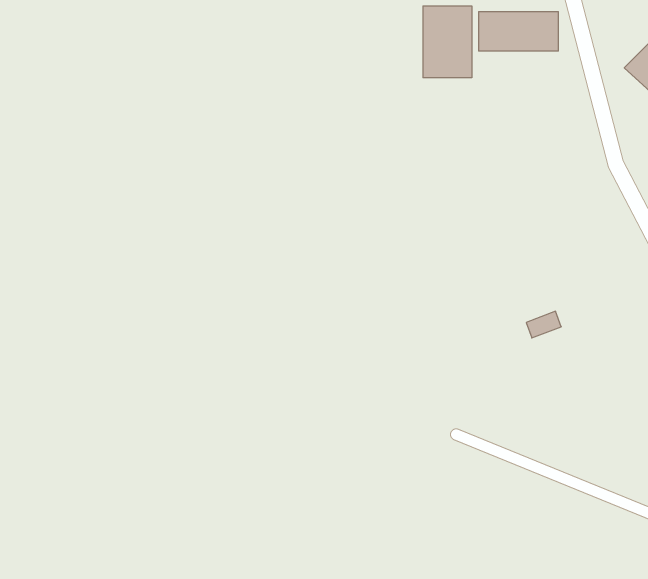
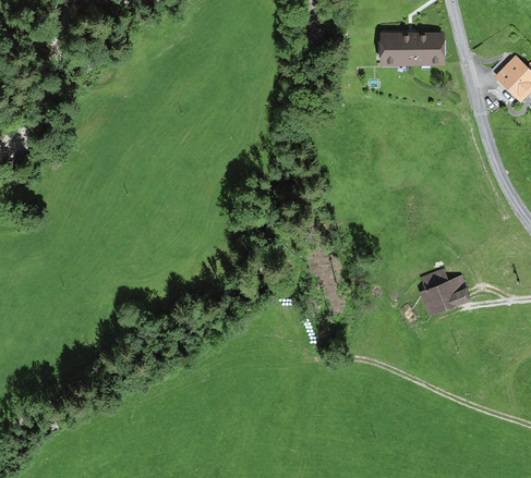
building: [423,6,472,78] -> none
building: none -> [419,275,468,315]

